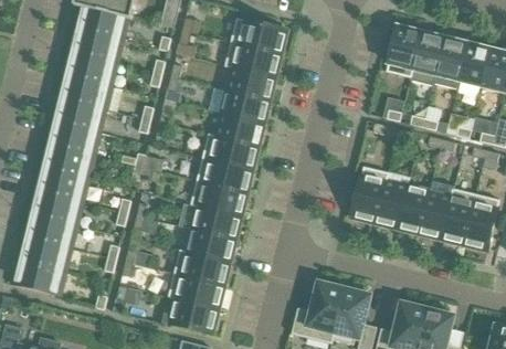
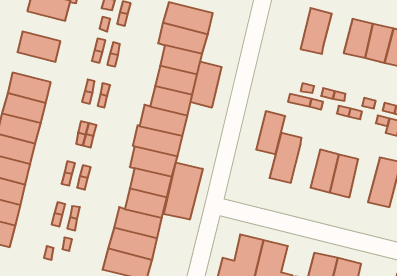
building: [71,28,119,62] -> none
building: [411,31,444,75] -> none
building: [60,74,108,108] -> none
building: none -> [191,61,222,108]
building: [375,179,408,228] -> [256,111,285,154]
building: [441,188,475,243] -> none
building: none -> [164,163,203,220]

